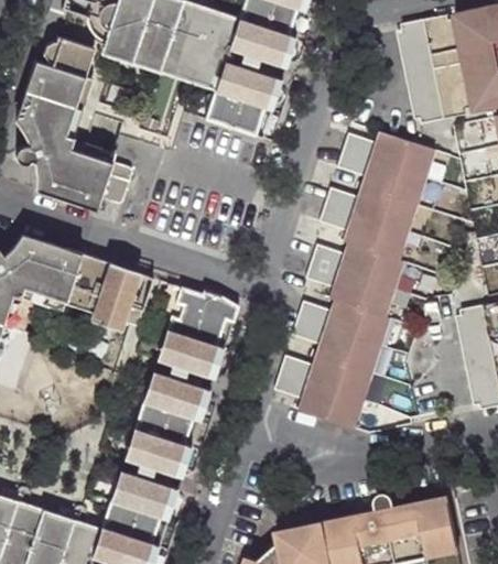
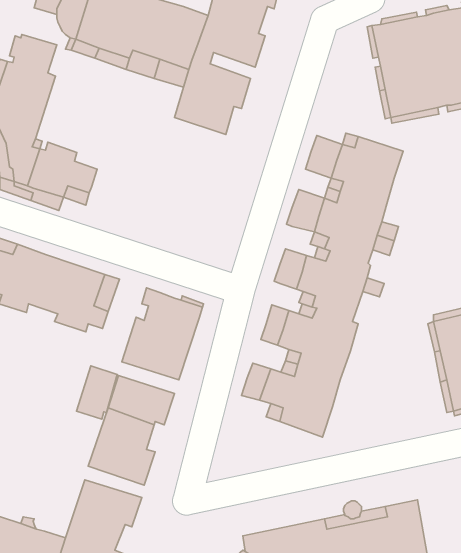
building: none -> [76,366,117,419]

